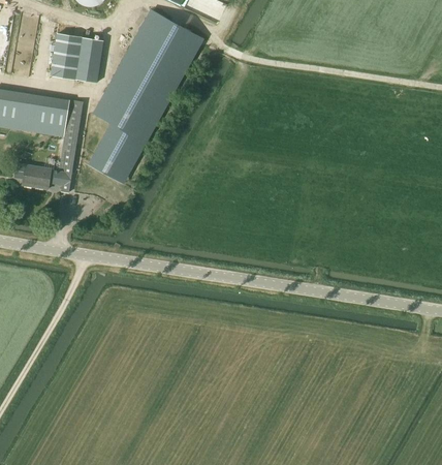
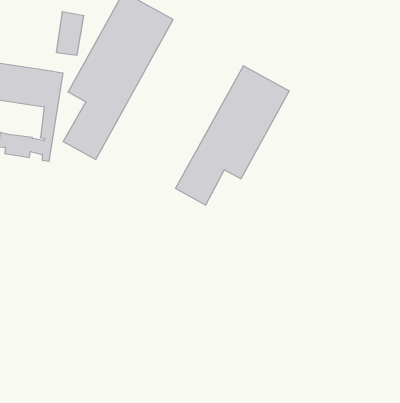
building: [51,32,83,79] -> none
building: none -> [175,66,289,205]

